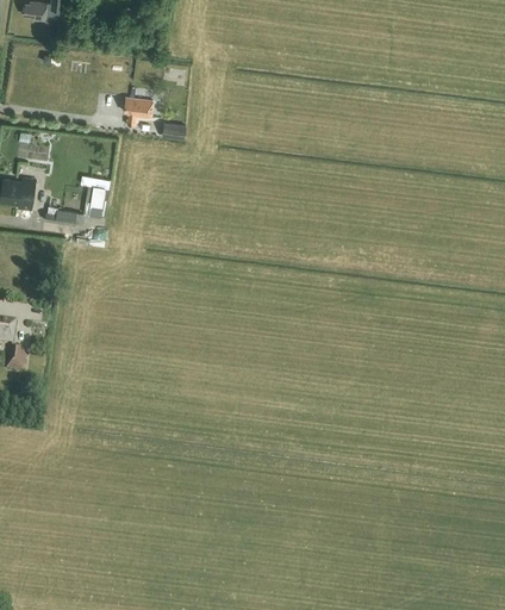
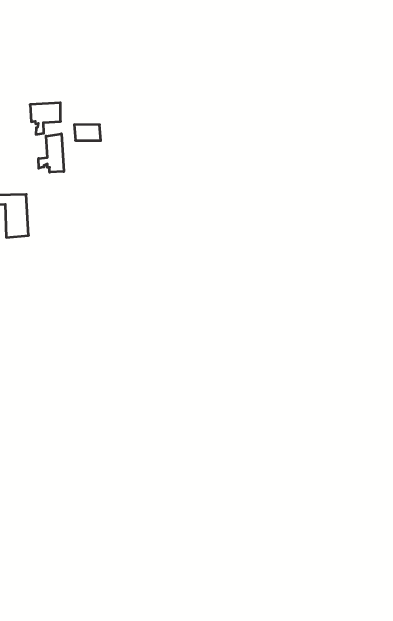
building: none -> [39,134,64,172]

